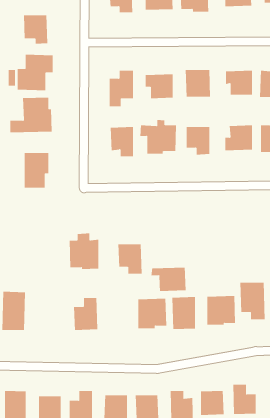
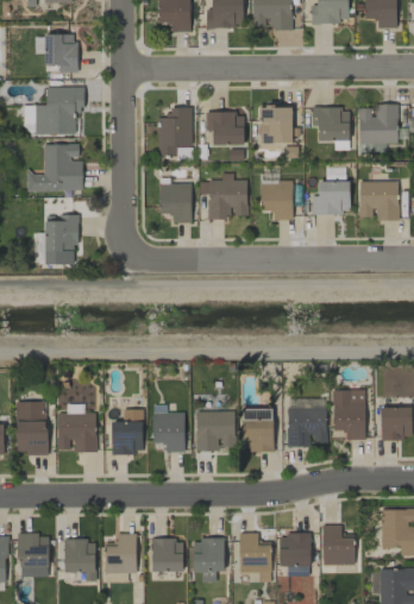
building: [69,233,99,270] -> [56,403,96,452]
building: [118,244,143,274] -> [152,411,186,452]
building: [151,267,186,292] -> none

